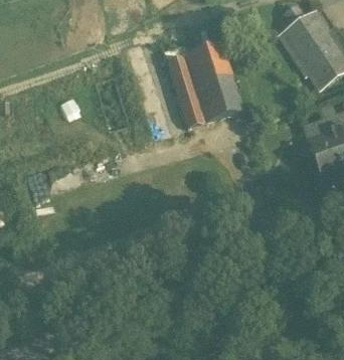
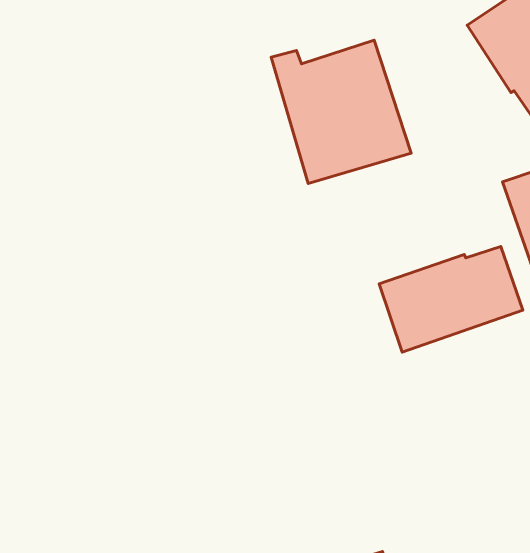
building: none -> [379,247,523,352]

